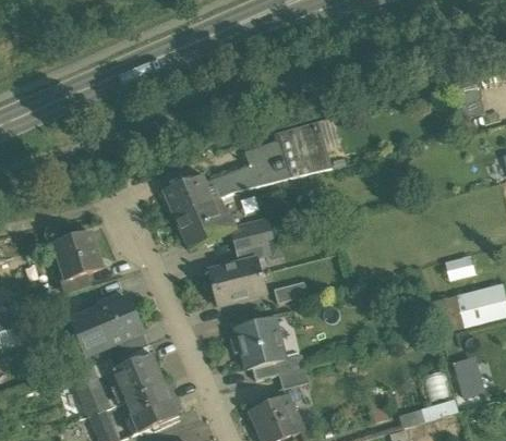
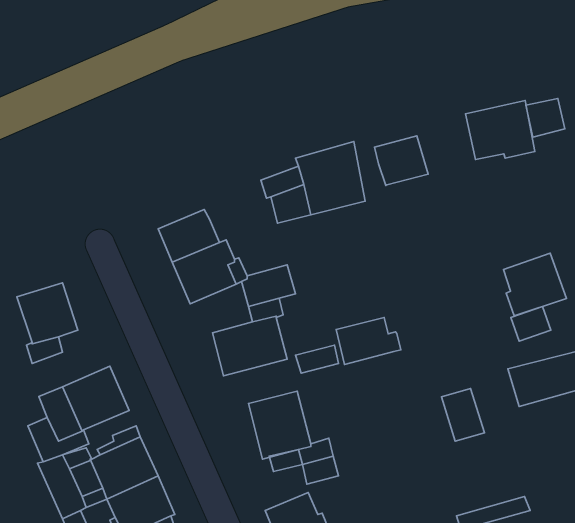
building: none -> [465,100,535,160]
building: none -> [375,136,428,186]
building: [206,163,260,199] -> none
building: none -> [503,253,566,316]
building: none -> [336,317,401,364]
building: [450,352,484,393] -> [441,388,484,441]

